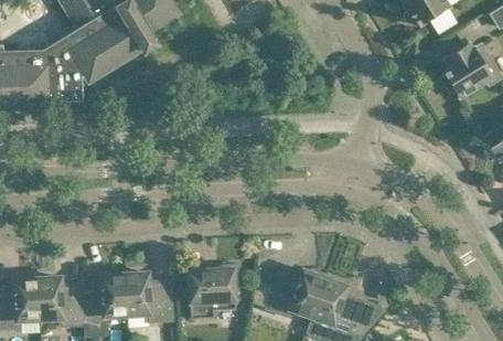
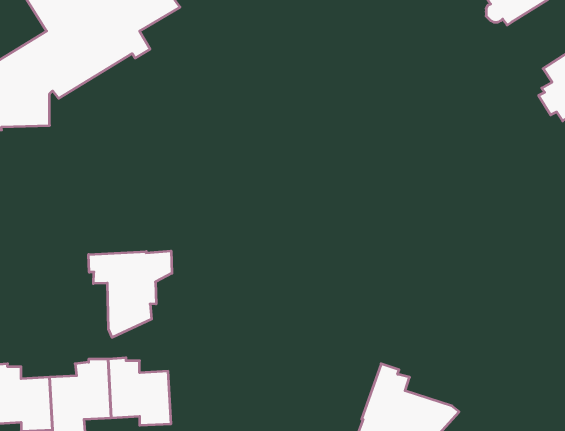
building: none -> [89,251,172,337]
building: [189,266,237,319] -> none
building: [268,270,327,317] -> none

